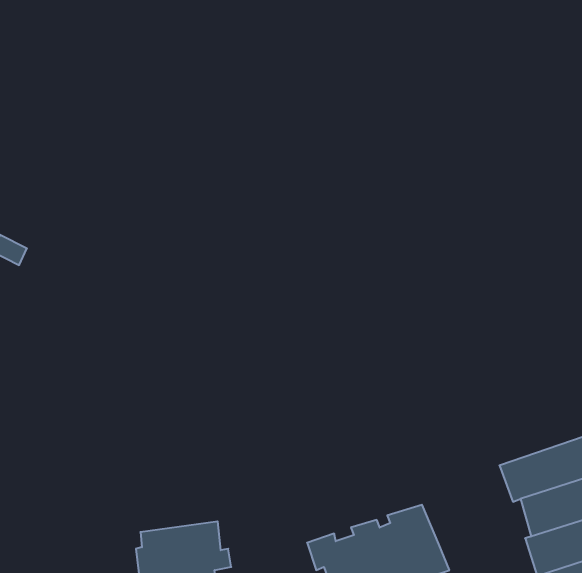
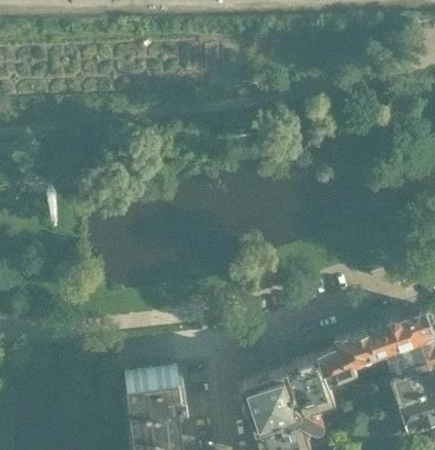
building: none -> [321,333,383,386]

